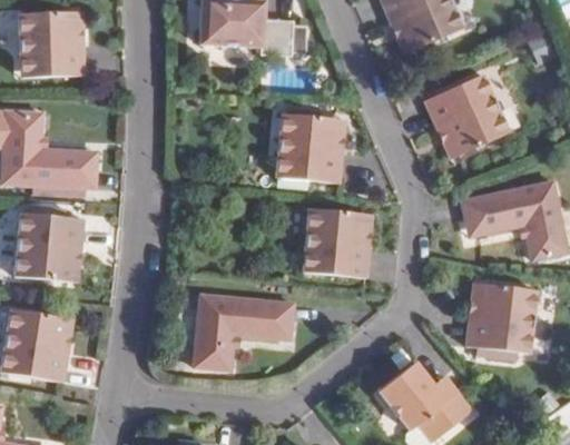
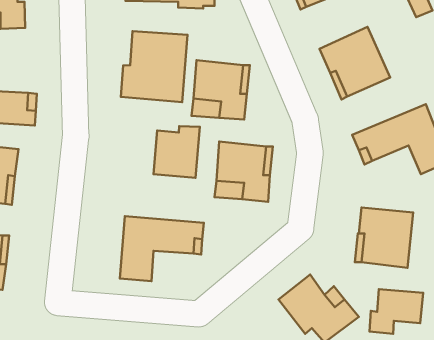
building: none -> [121,31,187,102]
building: none -> [153,126,200,178]
building: none -> [370,289,423,334]

